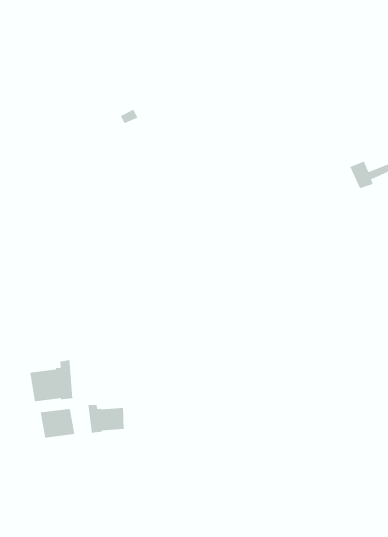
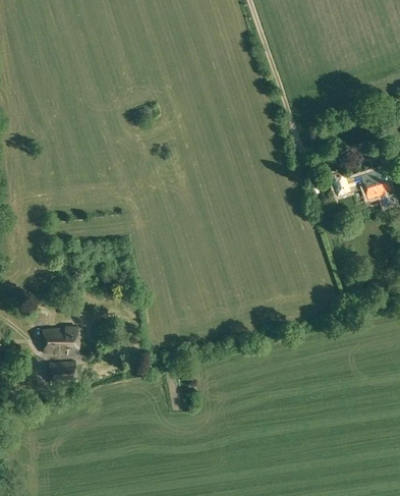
building: [88,404,124,433] -> none

